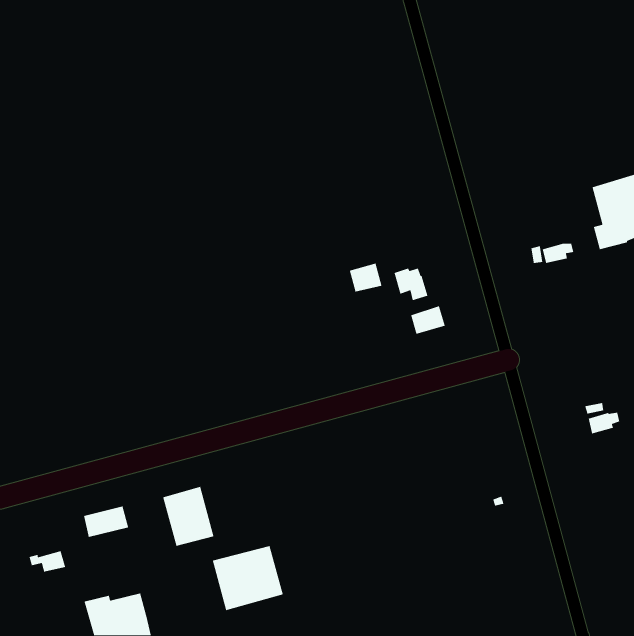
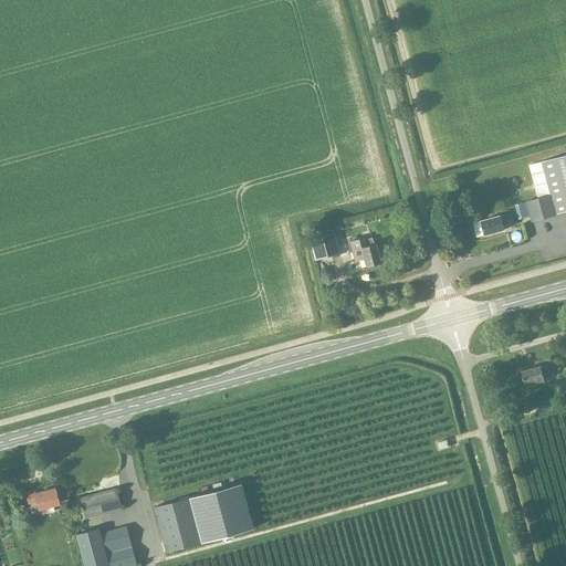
building: [410,305,446,335] -> none
building: [162,486,215,547] -> [156,497,202,552]
building: [83,505,129,538] -> [82,489,123,517]

